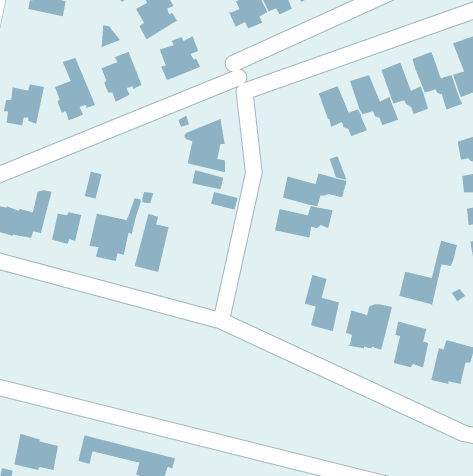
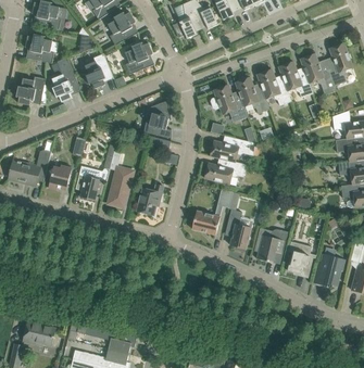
building: none -> [25,34,53,63]
building: none -> [210,85,248,120]
building: none -> [136,185,163,215]
building: [398,240,458,306] -> [191,189,233,234]

